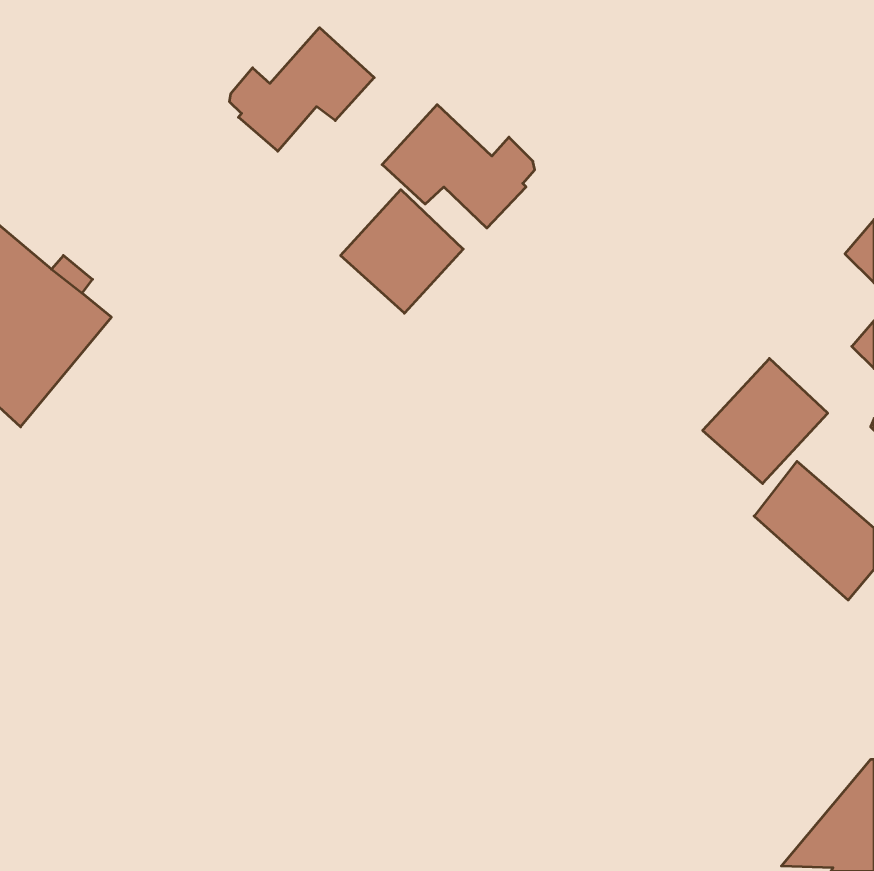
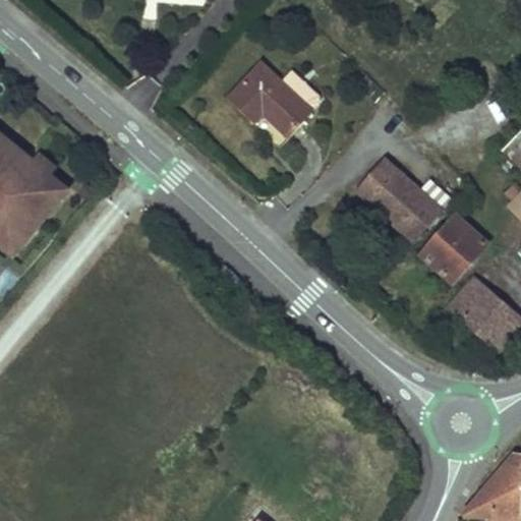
building: [230,28,374,151] -> none
building: [341,190,463,313] -> none
building: none -> [354,157,444,244]

